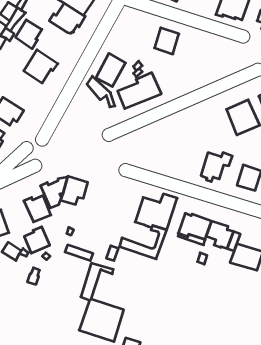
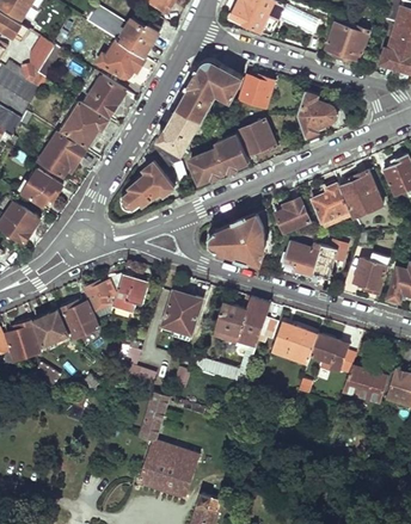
building: none -> [178,60,244,119]
building: [16,20,42,49] -> [87,75,123,115]
building: none -> [297,91,337,144]
building: none -> [239,119,277,158]
building: none -> [39,131,85,174]
building: none -> [123,160,174,208]
building: none -> [309,183,351,228]
building: none -> [274,197,309,230]
building: none -> [207,212,264,263]
building: none -> [281,241,311,272]
building: none -> [164,290,203,334]
building: [24,227,50,253] -> [35,308,69,344]

